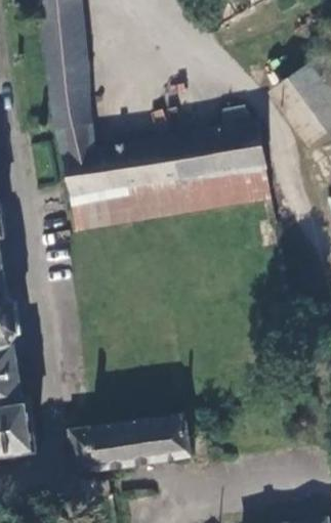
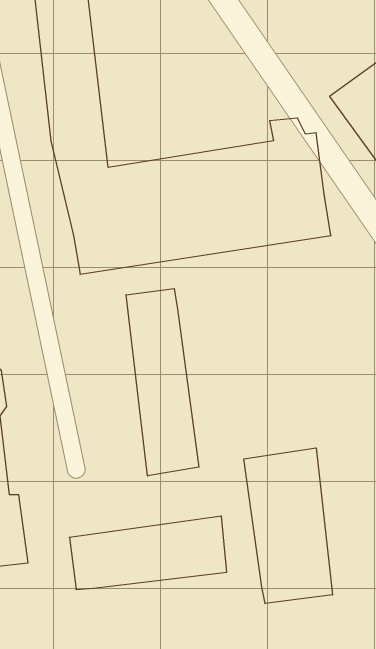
building: none -> [126,289,199,476]
building: none -> [244,448,332,604]

